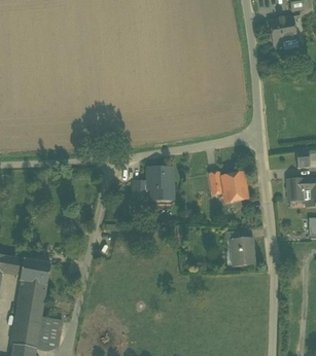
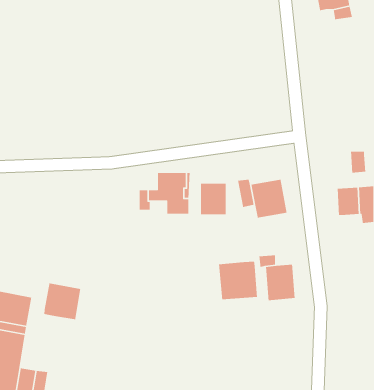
building: none -> [200,183,227,215]
building: none -> [218,261,258,300]
building: none -> [43,282,81,320]

